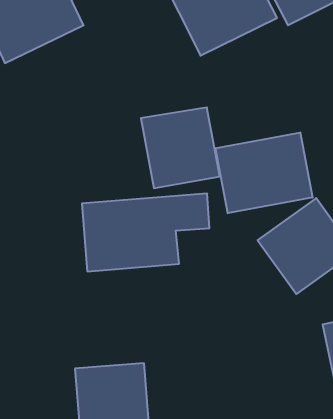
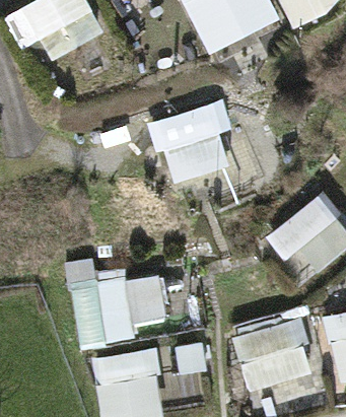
building: [215,132,313,213] -> none
building: [82,194,209,271] -> [72,273,192,346]
building: none -> [233,318,313,389]

